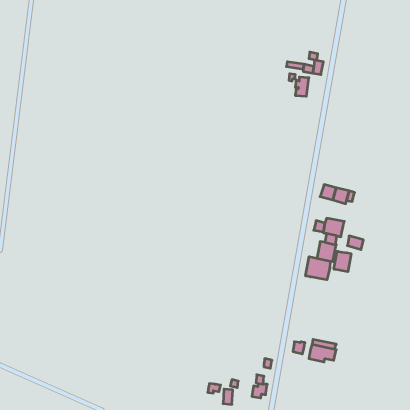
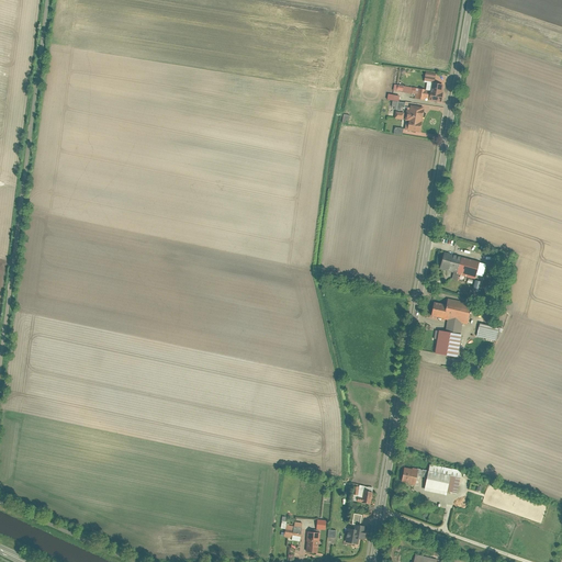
building: [334,251,351,272] -> none
building: [306,257,330,280] -> none

